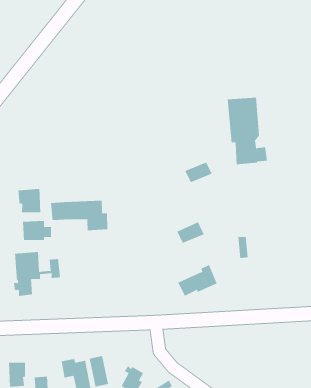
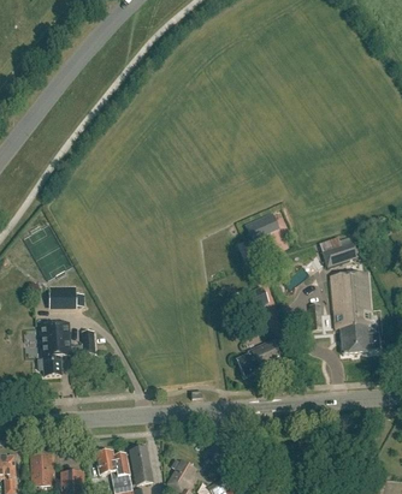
building: [227,97,268,165] -> [331,272,380,353]
building: none -> [319,233,361,267]
building: [18,188,41,213] -> none
building: [50,200,108,231] -> none

